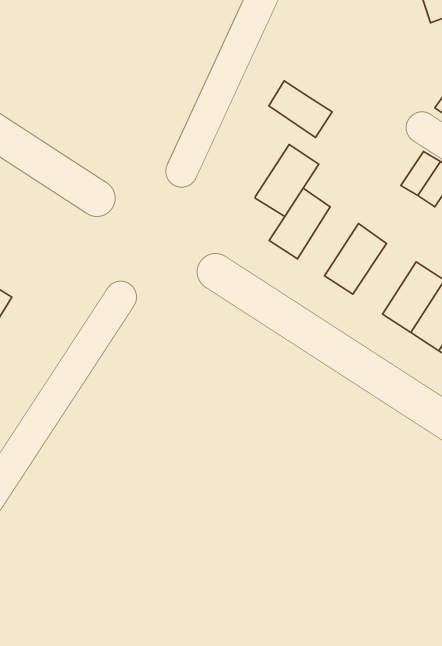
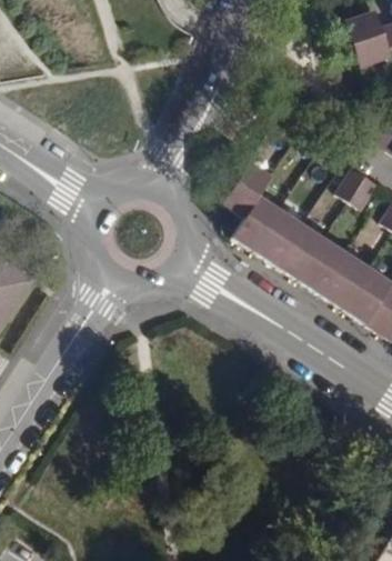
building: [269,81,332,137] -> none
building: none -> [254,210,302,264]
building: none -> [298,239,348,294]

